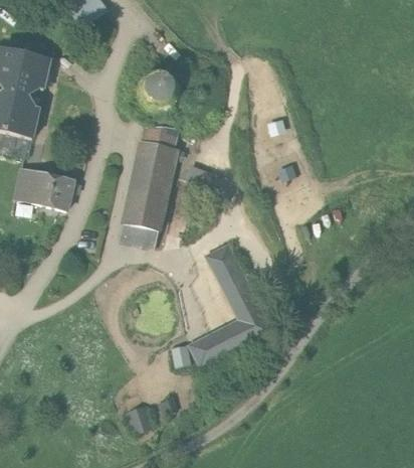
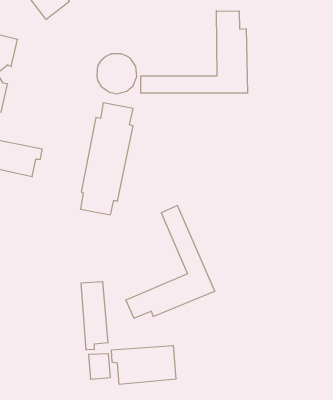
building: none -> [141,11,248,93]
building: none -> [81,281,108,350]
building: none -> [112,345,176,384]

